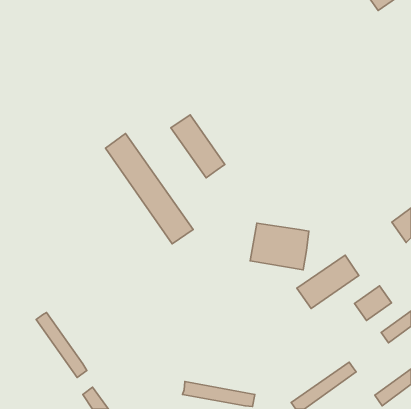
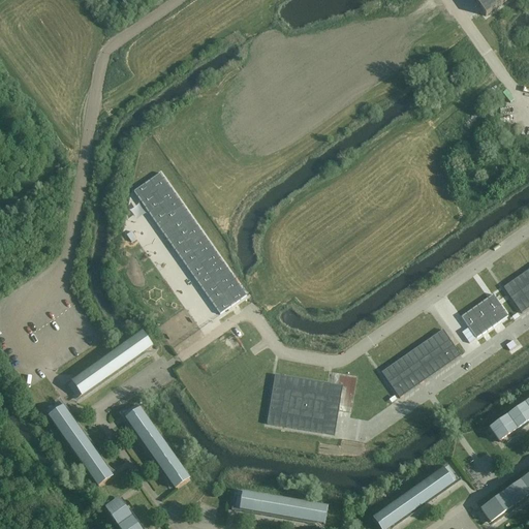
building: [171,115,225,178] -> none
building: [250,223,309,270] -> [267,373,342,433]
building: none -> [68,332,152,397]
building: [354,286,391,321] -> [458,298,505,342]
building: none -> [123,403,189,487]

